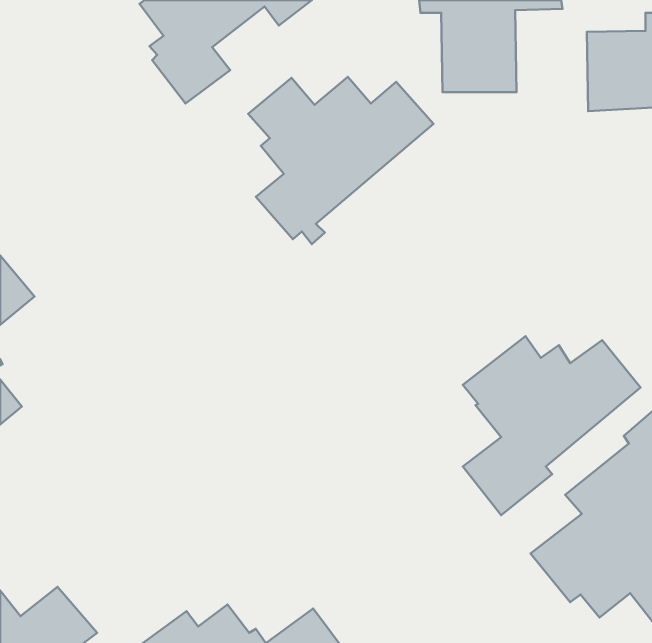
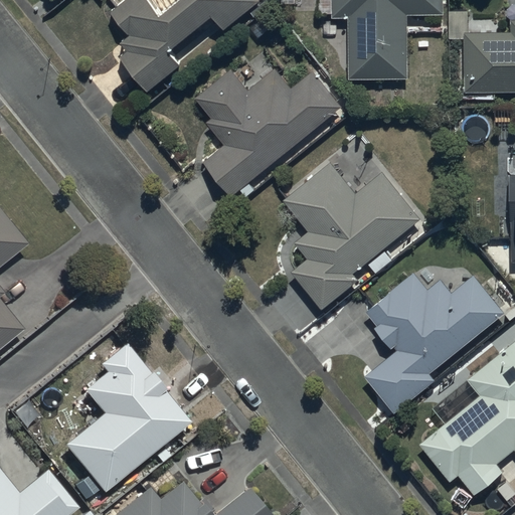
building: none -> [282,162,420,310]
building: none -> [63,342,188,492]

